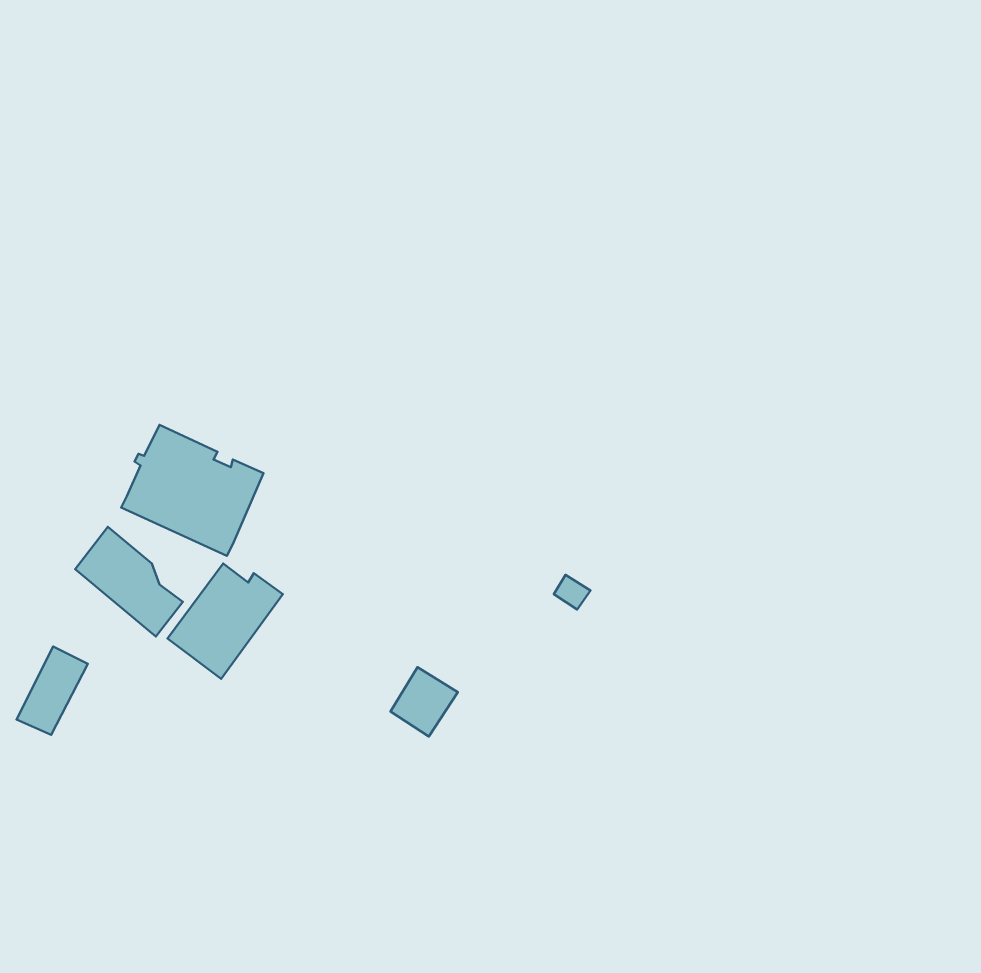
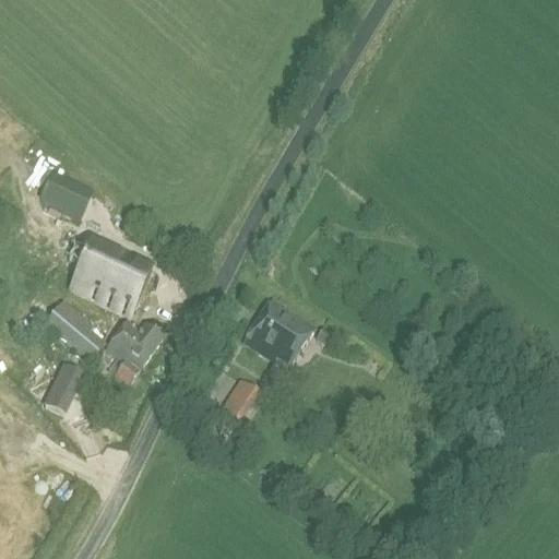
building: none -> [39,174,91,216]
building: none -> [241,298,314,385]
building: [17,646,88,735] -> [44,364,84,414]

